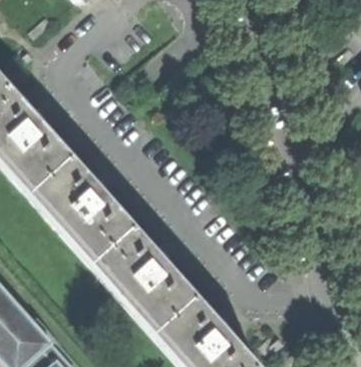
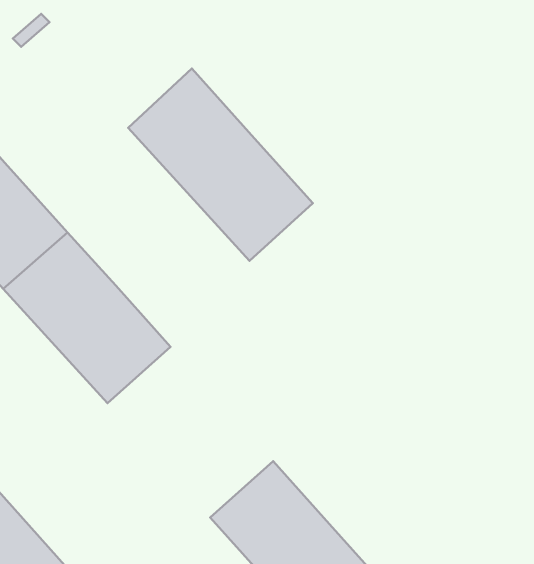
building: none -> [128,69,313,261]
building: [89,221,190,324] -> none

